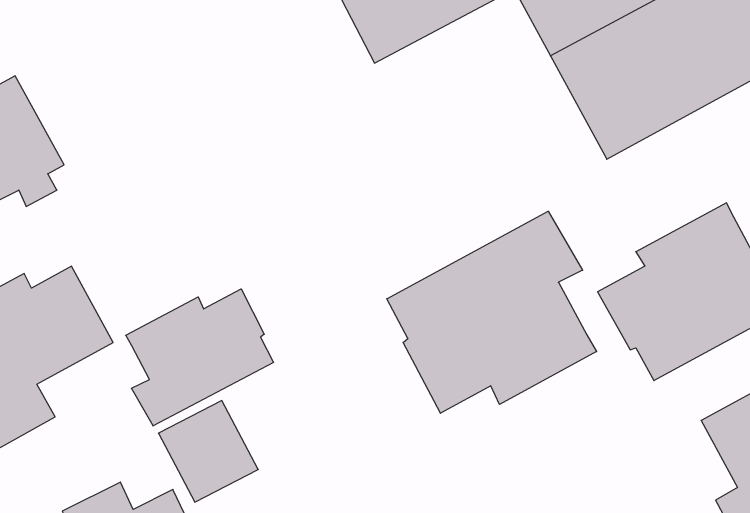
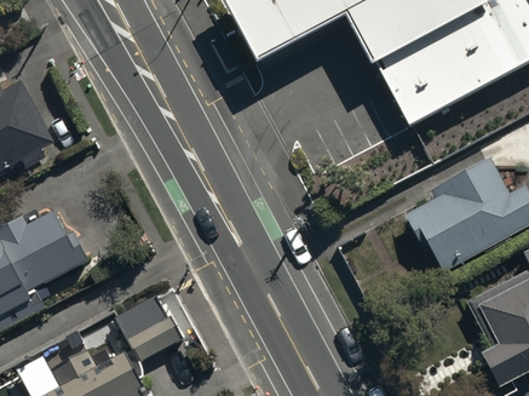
building: [387,211,597,413] -> none
building: [126,289,274,426] -> none

